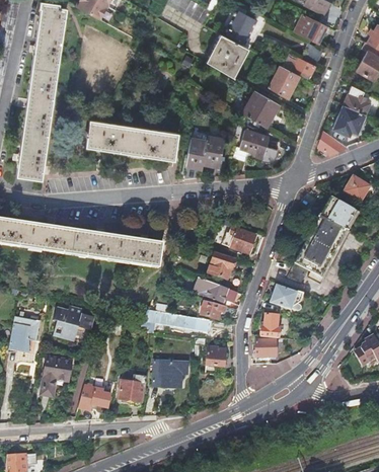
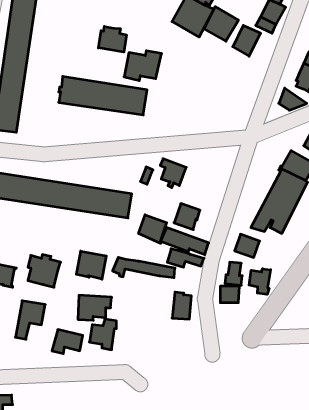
building: none -> [98,26,126,52]
building: [243,89,280,126] -> [204,7,238,41]
building: [240,130,270,157] -> none
building: [186,136,226,167] -> [124,51,162,81]
building: [229,226,256,256] -> [160,159,186,188]
building: none -> [139,215,167,243]
building: none -> [76,251,106,279]
building: none -> [249,269,271,294]
building: [153,360,188,386] -> [78,295,112,320]

